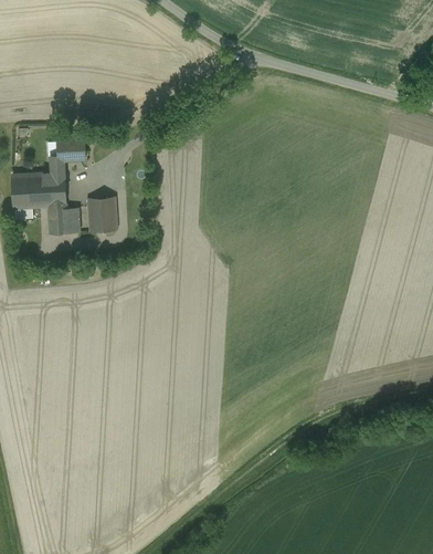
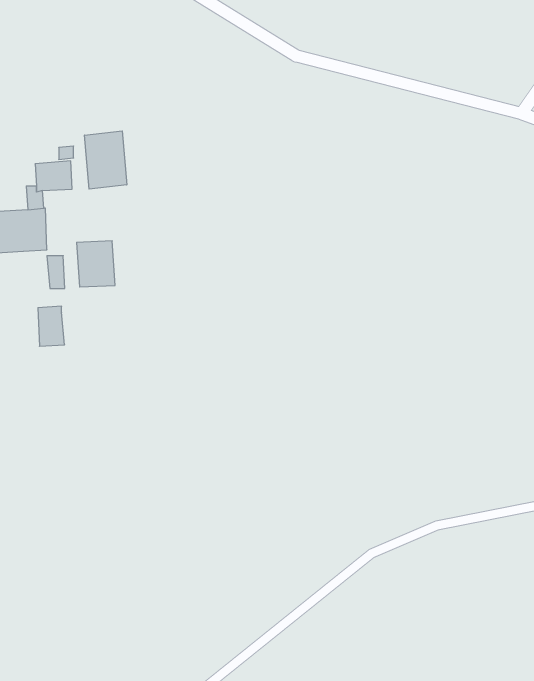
building: none -> [85,131,127,189]
building: [47,205,67,234] -> [38,306,65,346]

